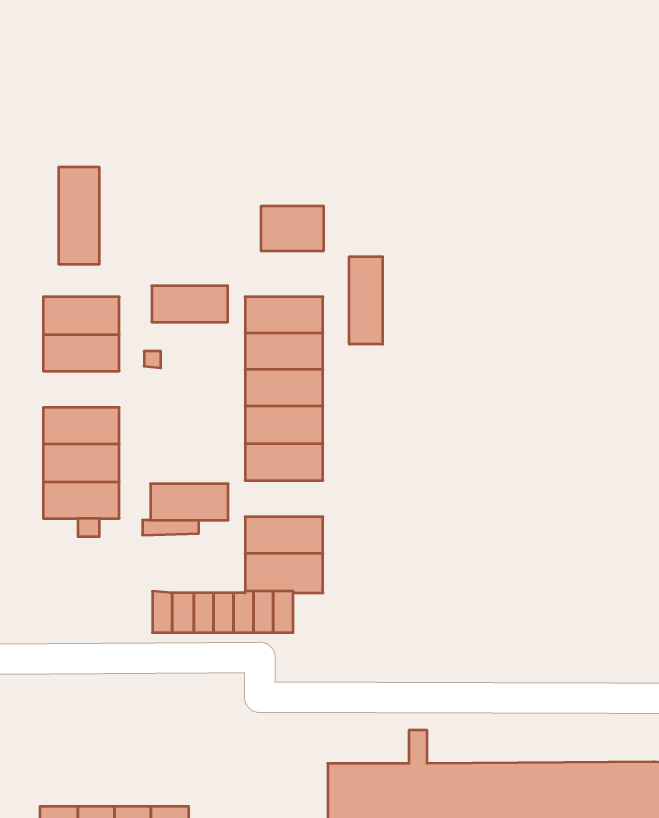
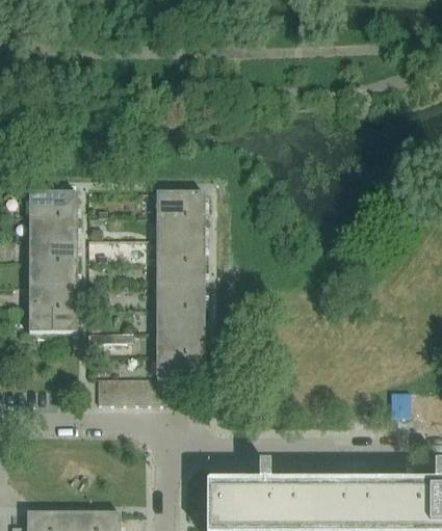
building: [59,167,99,264] -> none
building: [261,206,323,251] -> none
building: [349,257,383,344] -> none
building: [152,286,228,322] -> [30,239,78,262]
building: [150,484,228,520] -> [157,308,206,330]

